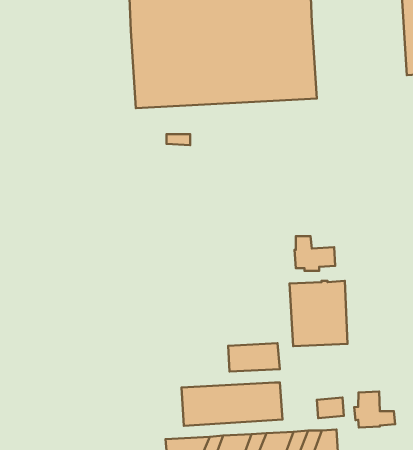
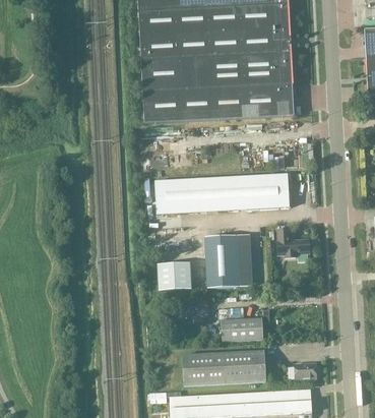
building: none -> [155,174,290,214]
building: none -> [159,262,192,290]
building: [290,281,347,346] -> [205,234,253,288]
building: [354,392,395,427] -> none

